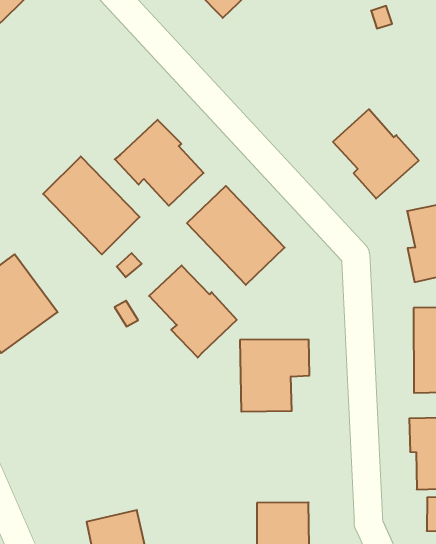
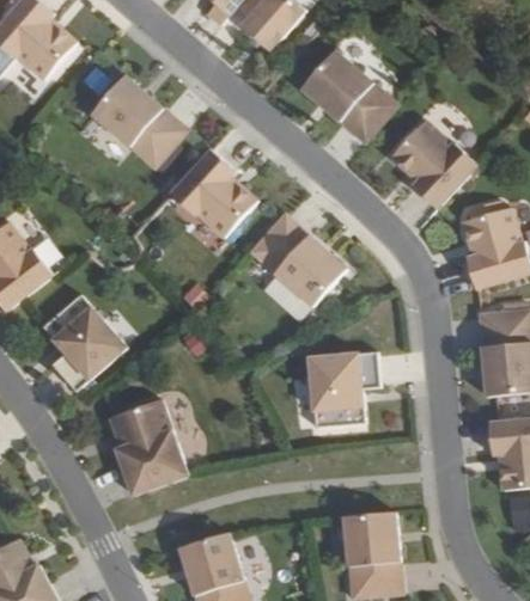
building: none -> [296,49,392,143]
building: [43,156,140,254] -> [93,73,189,166]
building: [149,265,237,358] -> none
building: none -> [112,398,191,493]

